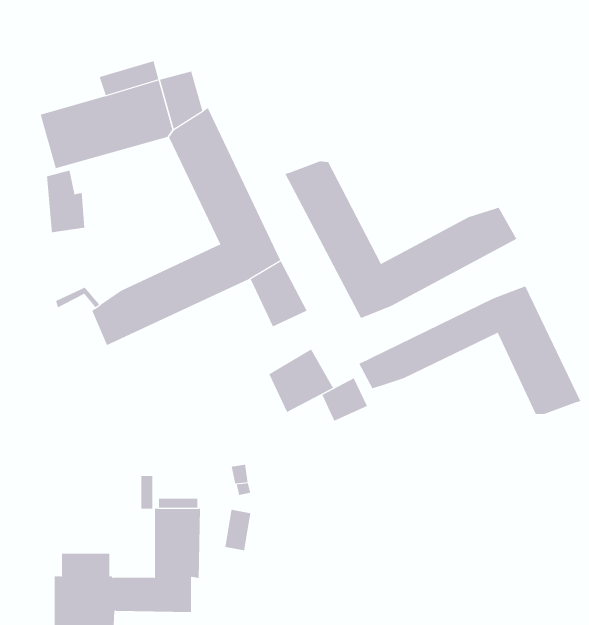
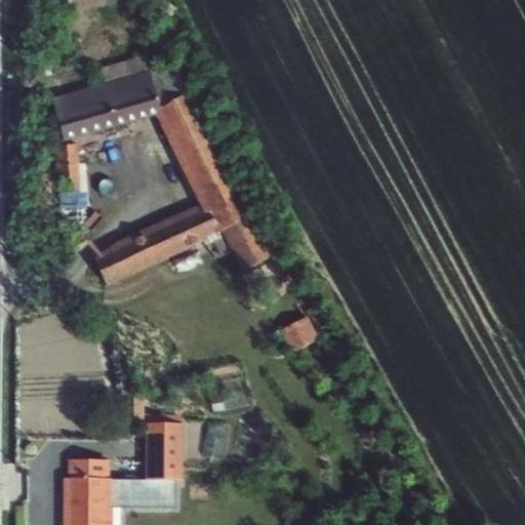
building: [285,161,517,319] -> none
building: [358,285,581,415] -> none
building: [268,349,334,413] -> none

